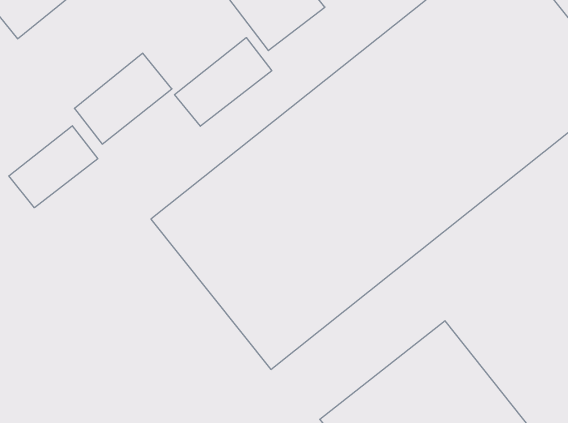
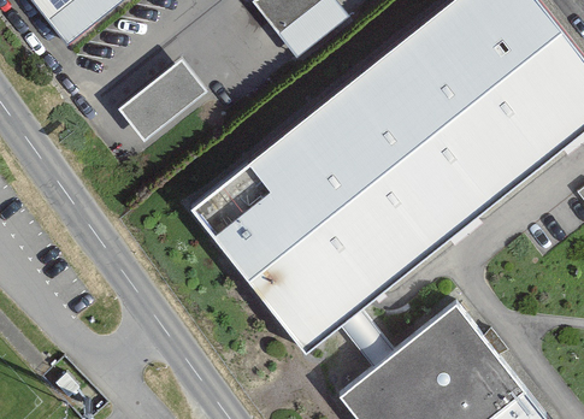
building: [175,38,272,126] -> none
building: [9,126,98,208] -> none

